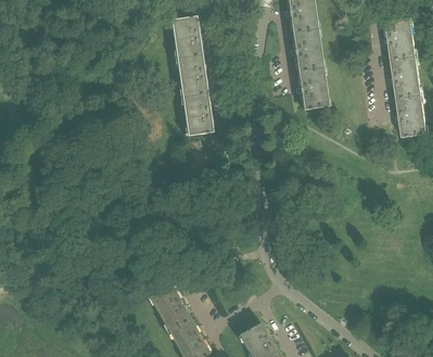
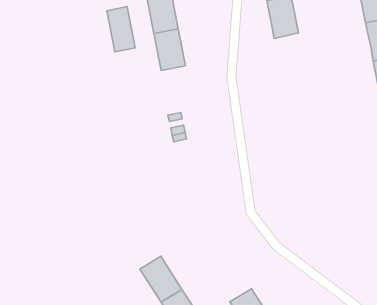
building: none -> [107,7,135,52]
building: [298,66,329,109] -> none
building: [182,93,214,136] -> none

